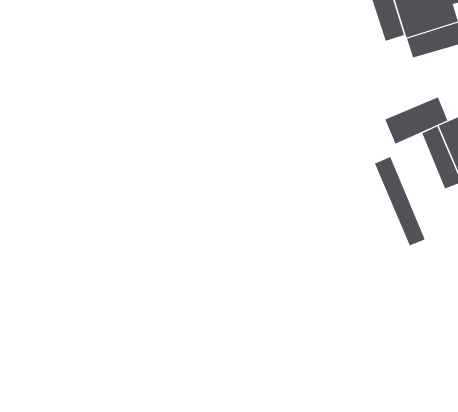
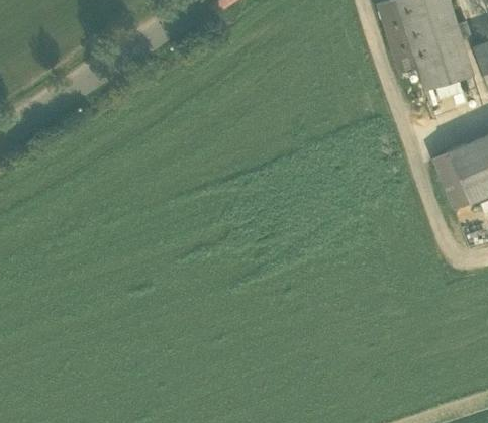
building: [384,96,448,145] -> none
building: [374,156,425,246] -> none

